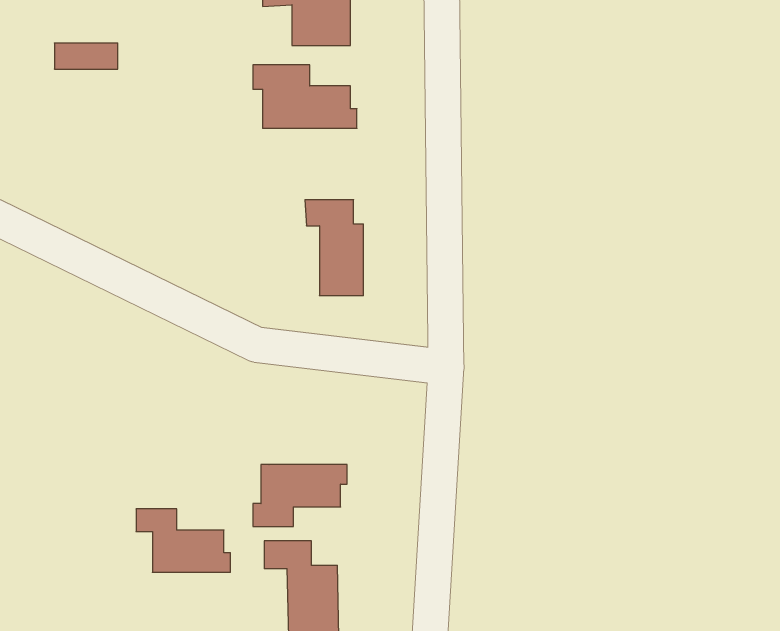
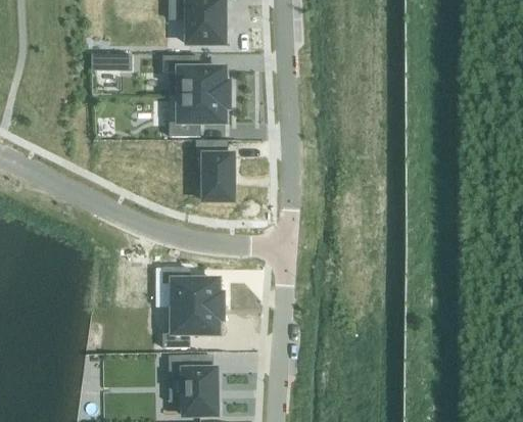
building: [54,43,118,69] -> [92,53,132,69]
building: none -> [170,96,229,136]
building: [136,509,230,572] -> [163,268,223,308]

